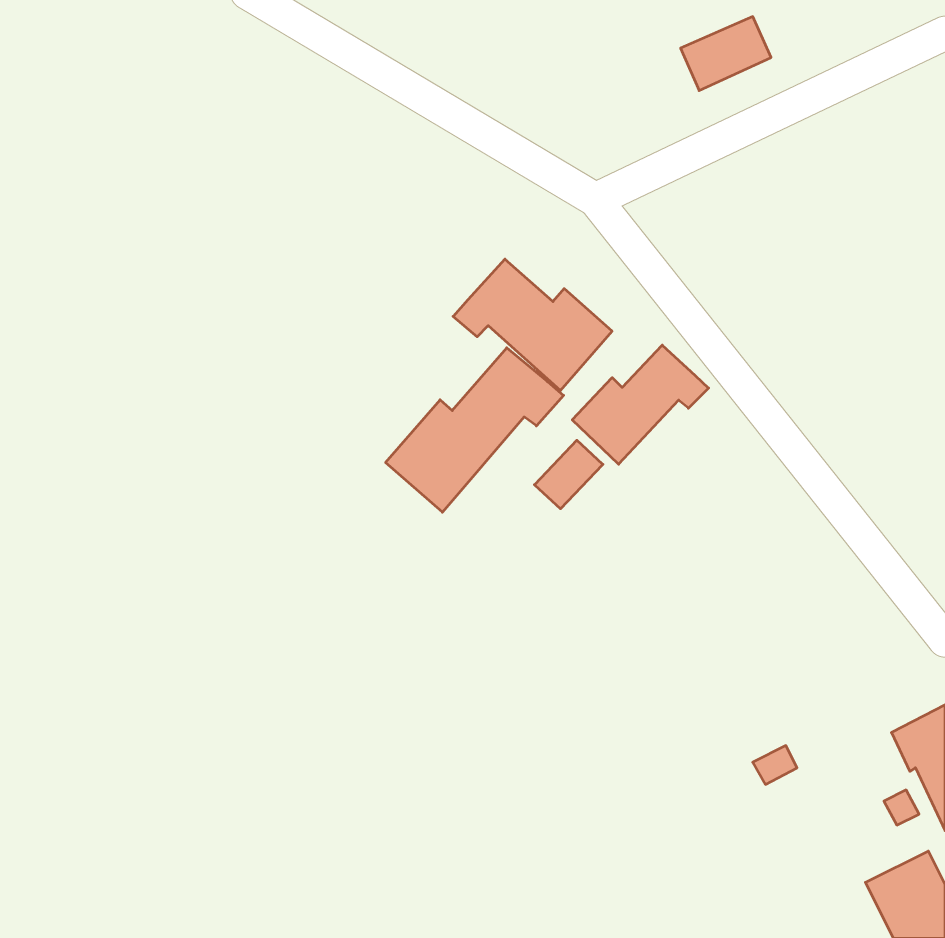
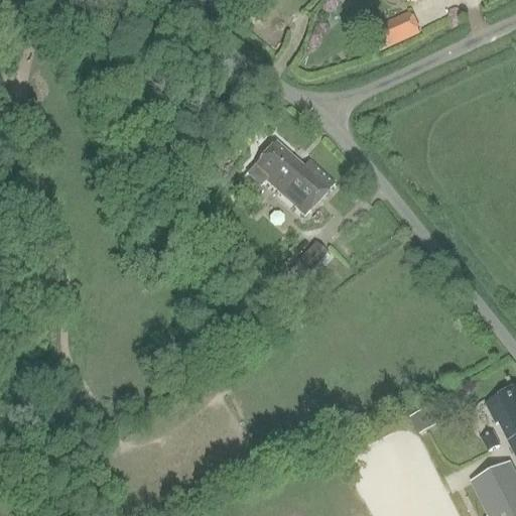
building: [572,345,709,464] -> none
building: [386,348,564,512] -> none

